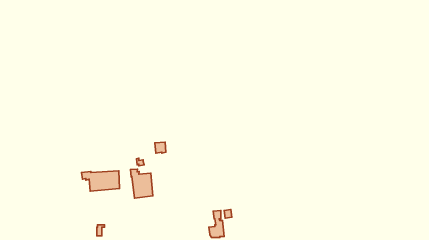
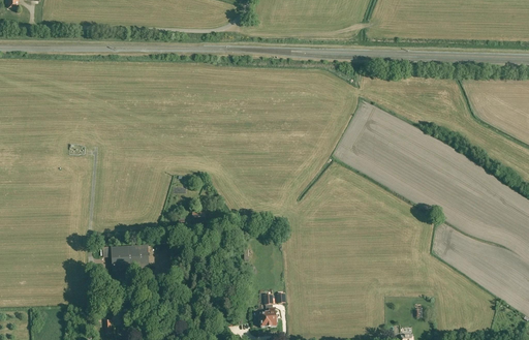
building: [131,169,153,198] -> none

